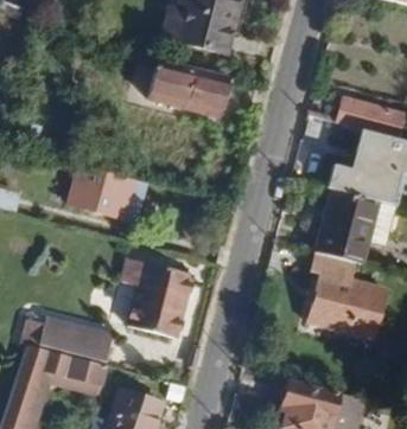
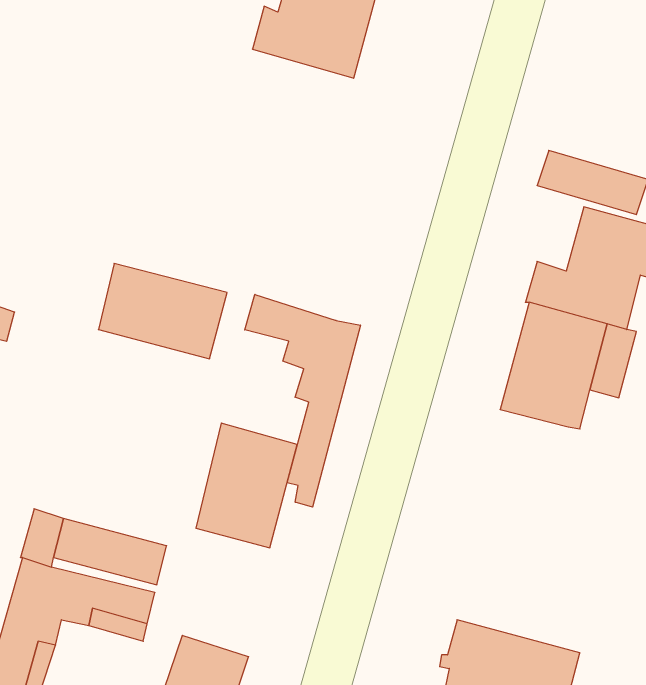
building: [145,59,229,116] -> none
building: none -> [245,294,360,507]
building: [306,252,388,340] -> none

